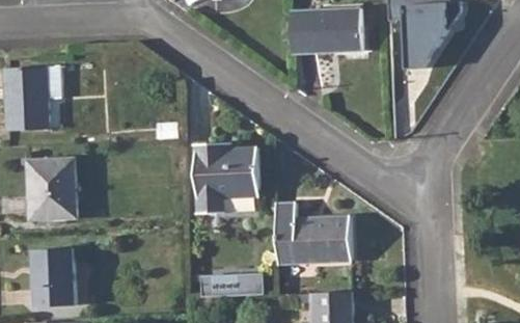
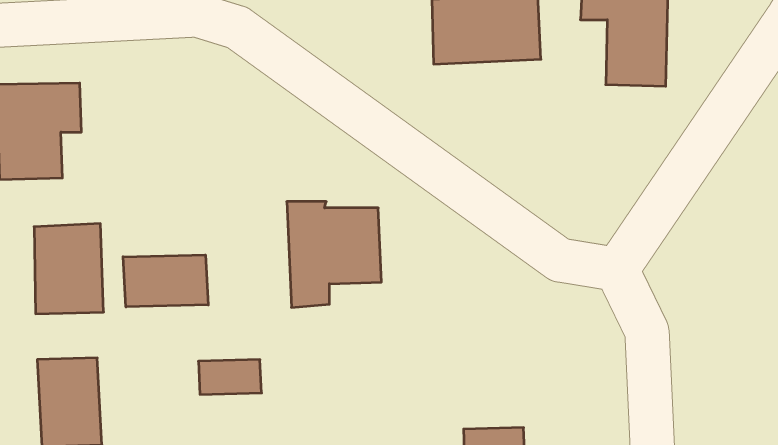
building: none -> [123,255,208,307]
building: [274,204,351,263] -> none
building: [207,274,248,297] -> [198,360,262,394]

